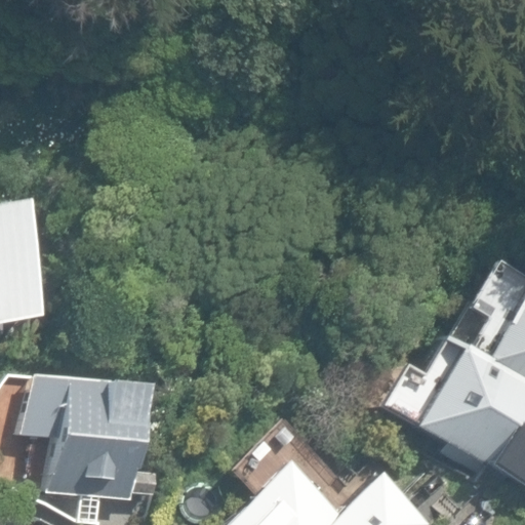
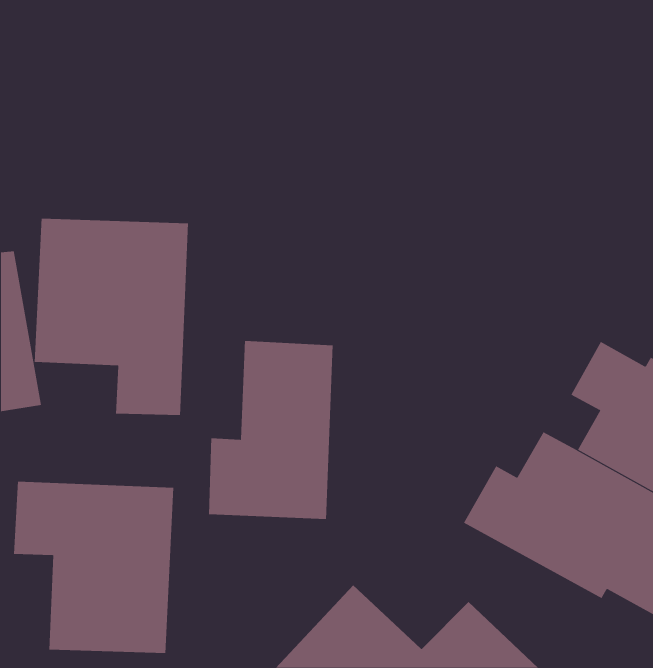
building: none -> [34,218,189,416]
building: none -> [208,340,333,520]

